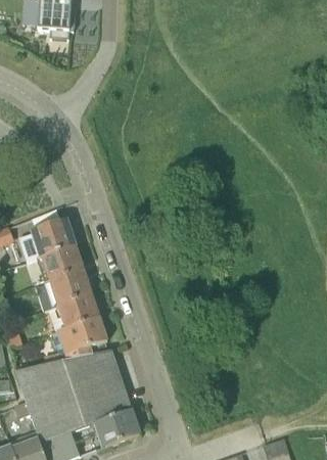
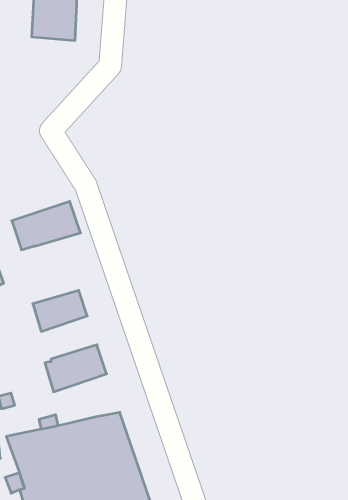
building: [17,221,76,262] -> [12,201,81,250]
building: [44,269,91,306] -> none
building: [54,318,106,361] -> none

